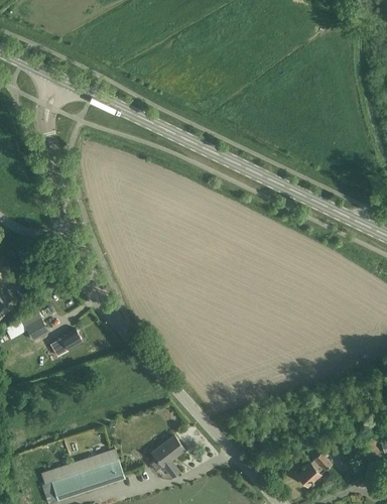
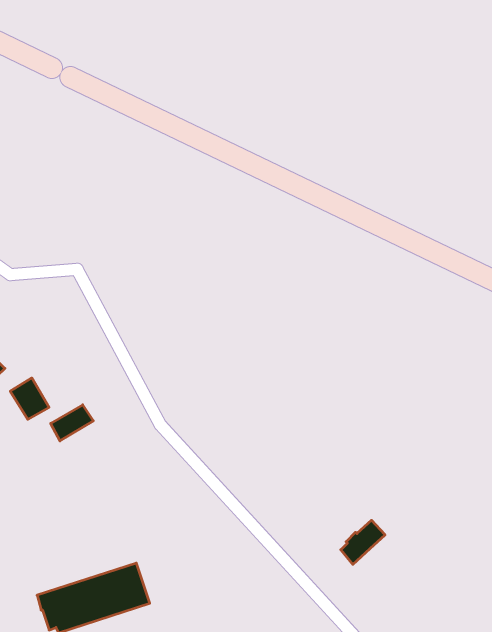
building: [149,435,184,477] -> none
building: [297,453,331,486] -> [341,520,385,564]

